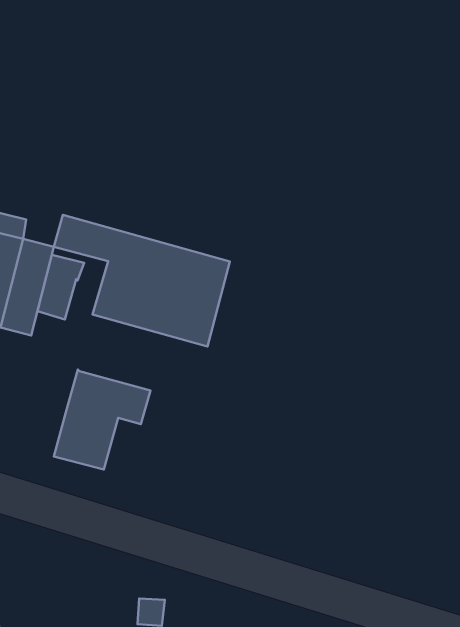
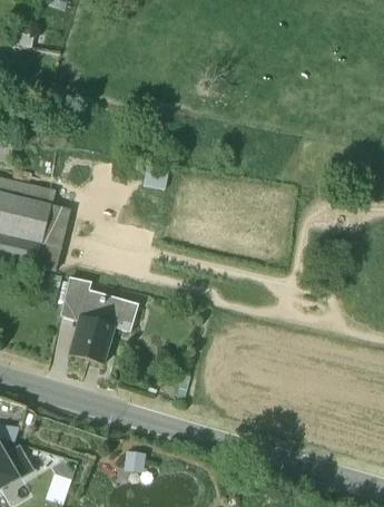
building: [54,215,230,347] -> none
building: [37,255,84,319] -> [59,275,91,320]

